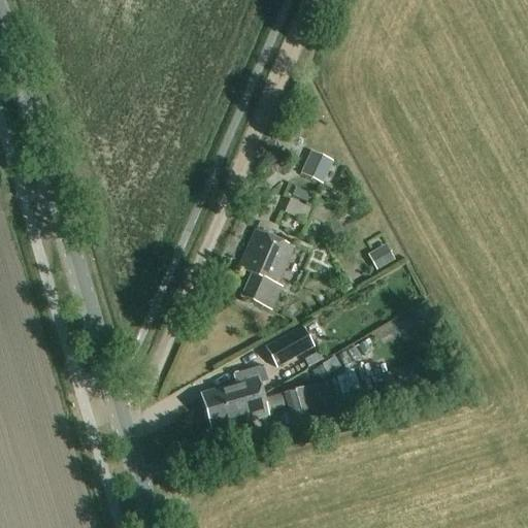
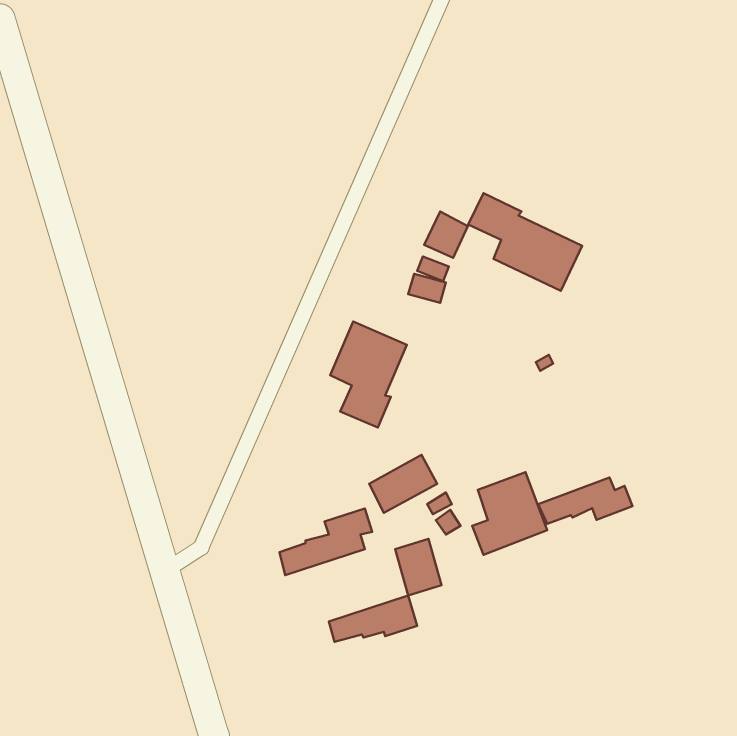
building: none -> [468,193,582,291]
building: none -> [538,478,633,524]
building: [205,391,268,424] -> [329,595,417,642]

